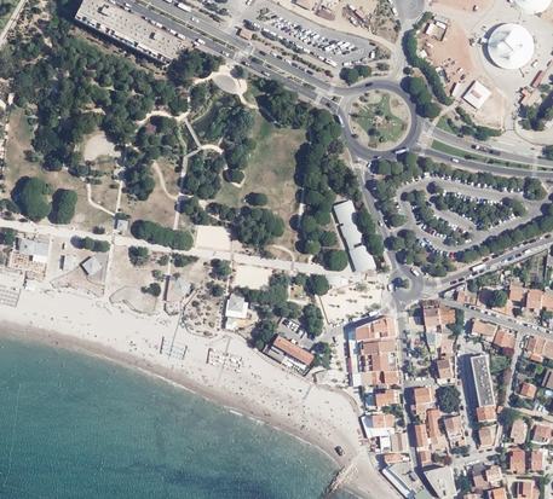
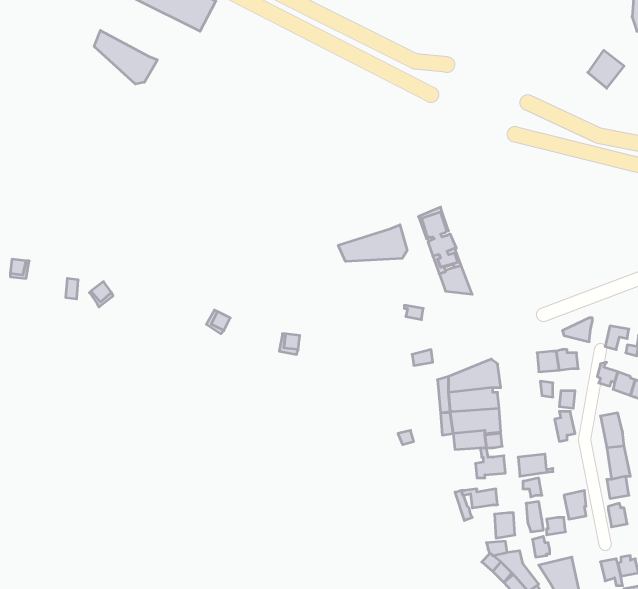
building: none -> [94,30,157,84]
building: none -> [338,225,407,261]
building: [263,336,311,365] -> none

